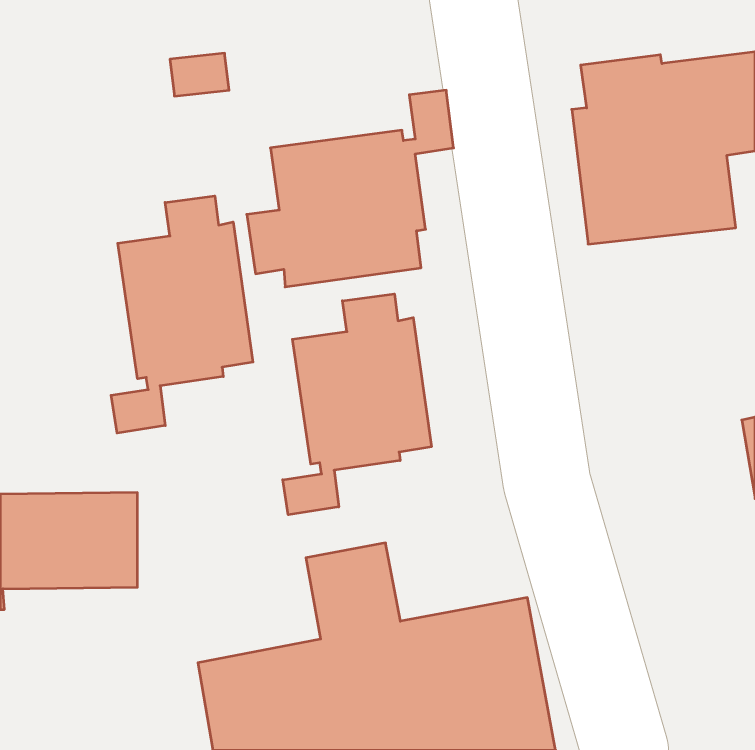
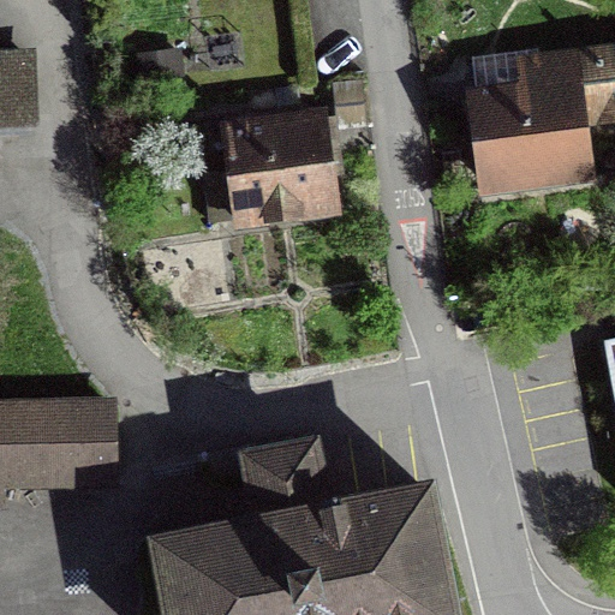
building: [111,196,253,433] -> none
building: [283,294,431,515] -> none

